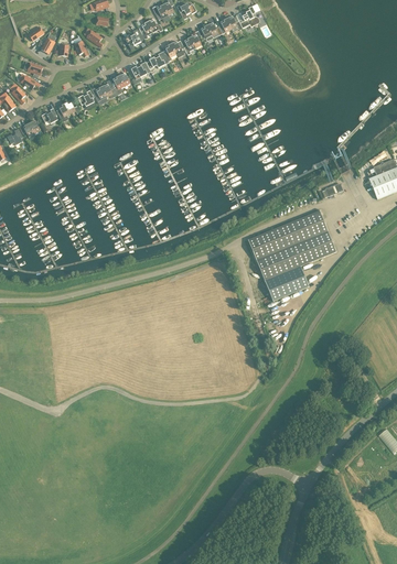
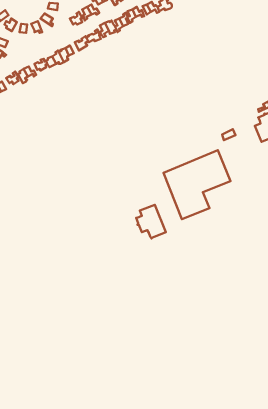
building: none -> [136,205,166,238]

